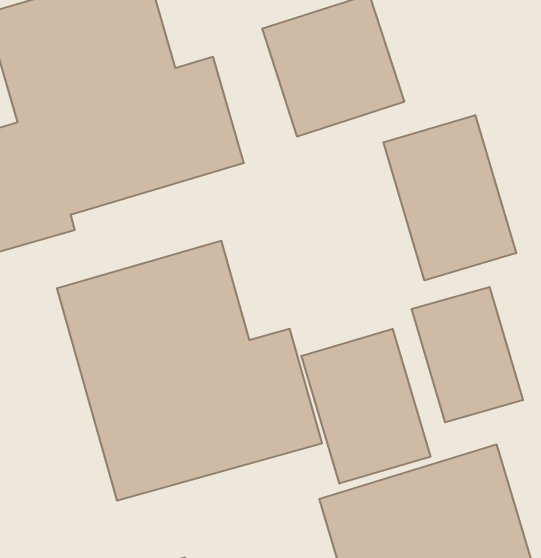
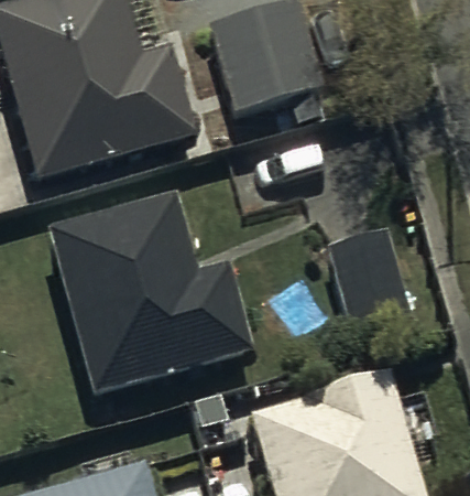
building: [384,115,516,280] -> none
building: [301,329,430,484] -> none

